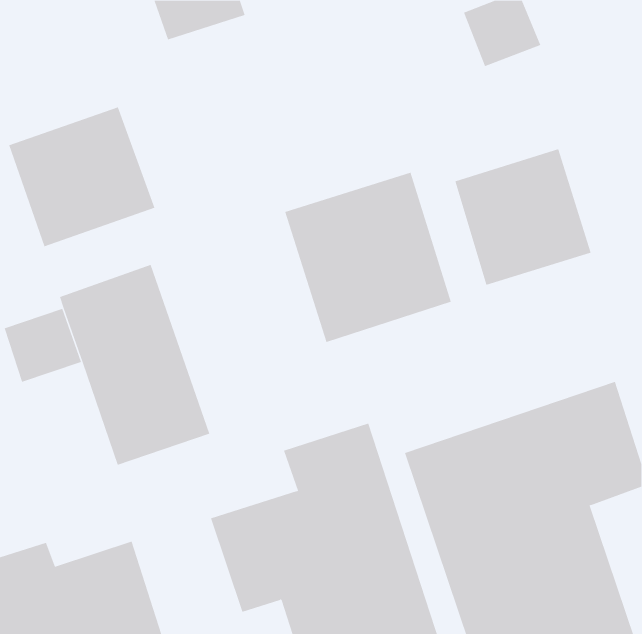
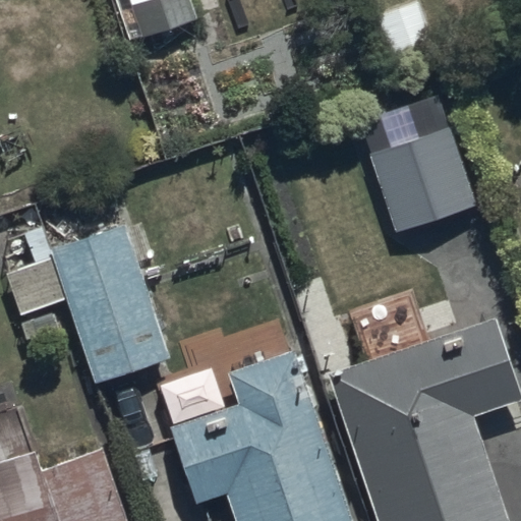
building: [8,106,155,247] -> none
building: [284,172,451,343] -> none

